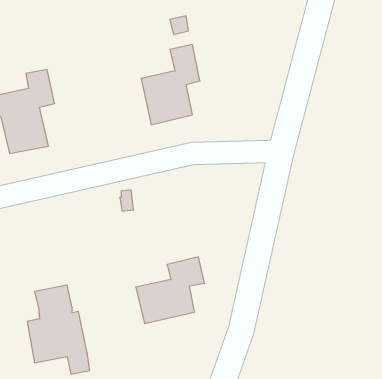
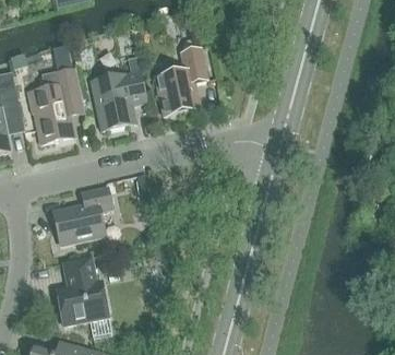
building: none -> [92,71,145,128]
building: [136,257,205,323] -> [52,185,112,242]

